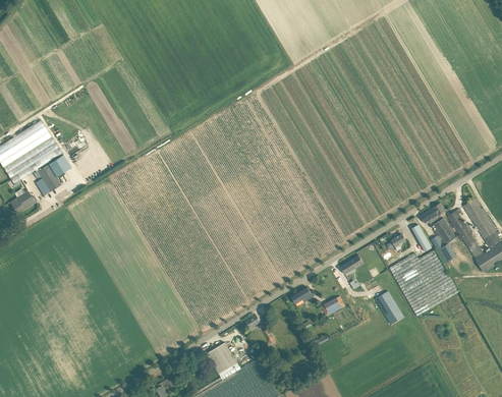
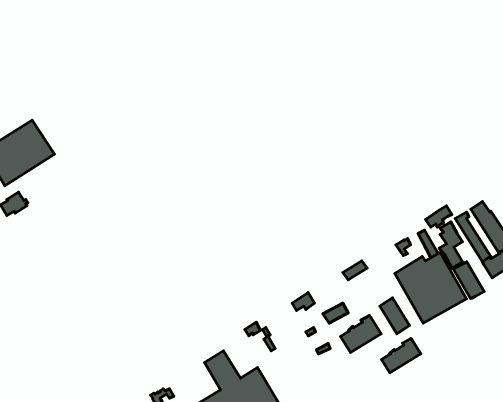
building: [38,156,71,192] -> none
building: none -> [453,262,484,299]
building: none -> [341,316,381,353]
building: none -> [381,339,421,373]

